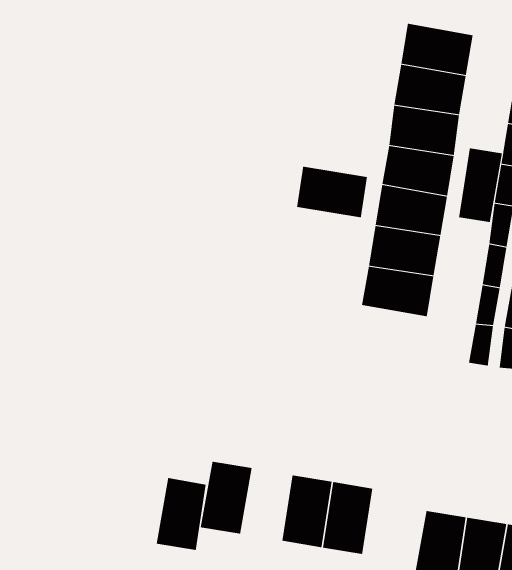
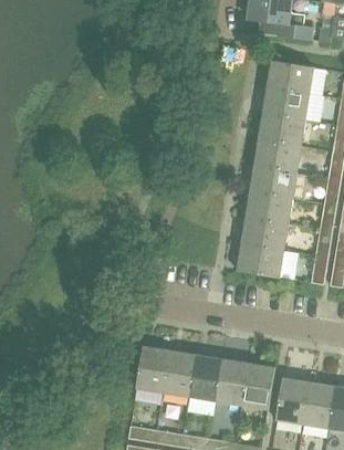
building: [459,147,502,223] -> none
building: [296,166,368,218] -> none
building: none -> [237,243,284,278]
building: [156,478,207,551] -> [163,349,196,397]
building: none -> [242,363,275,410]

